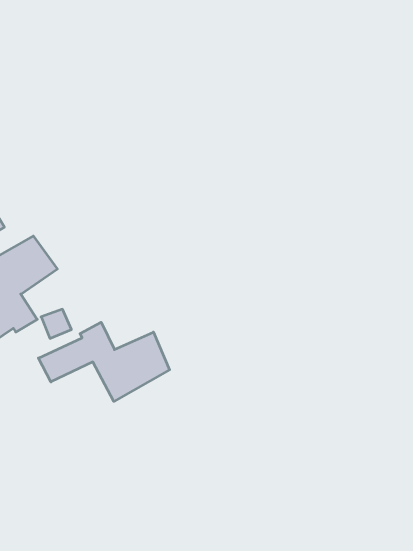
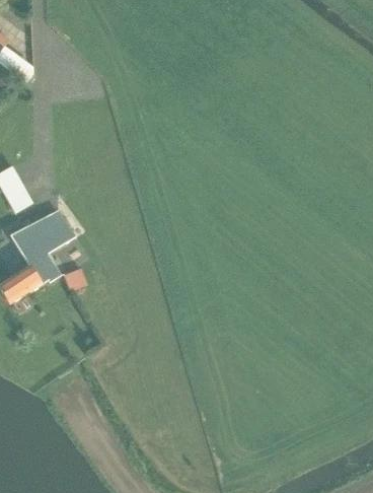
building: [38,322,170,401] -> none

